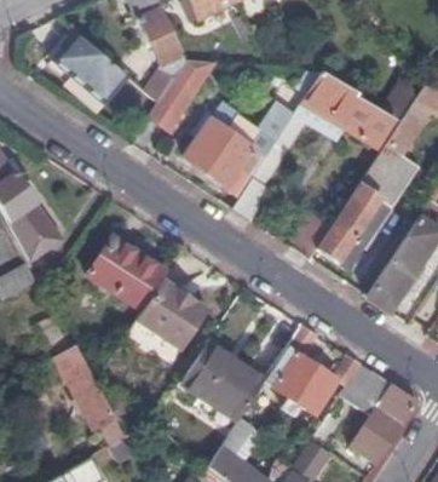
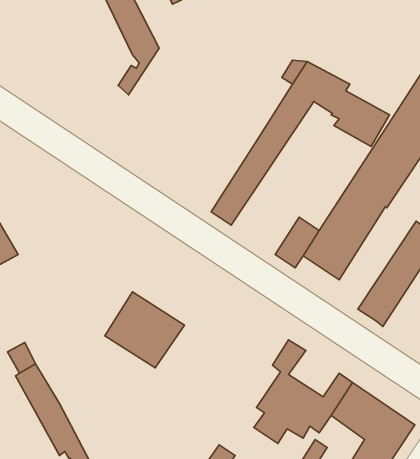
building: [53,33,129,99] -> none
building: [148,59,212,132] -> none
building: [184,101,278,195] -> none
building: [88,237,167,311] -> none
building: [184,340,267,418] -> none

